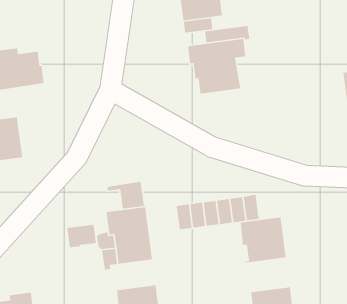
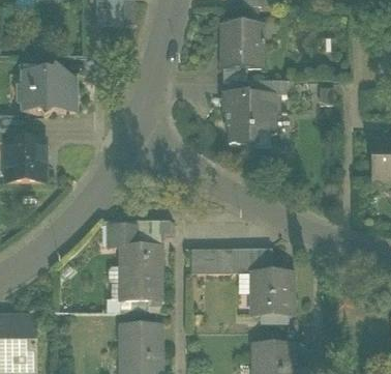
building: [66,224,97,248] -> [109,226,137,247]

